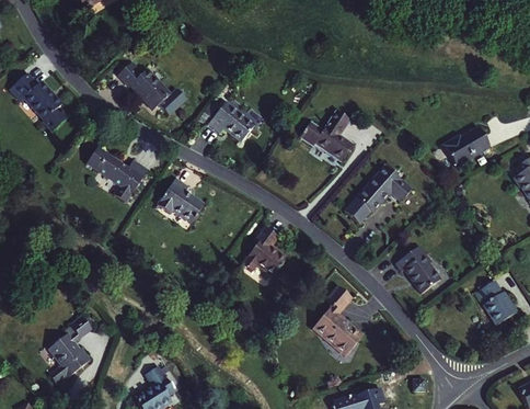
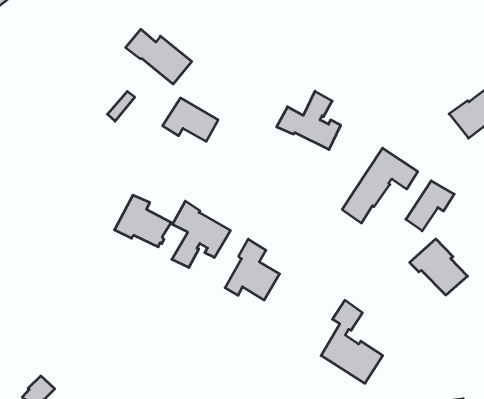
building: [117,61,170,110] -> [126,29,192,84]
building: [85,147,147,203] -> none
building: none -> [172,201,230,268]
building: none -> [406,181,454,231]

